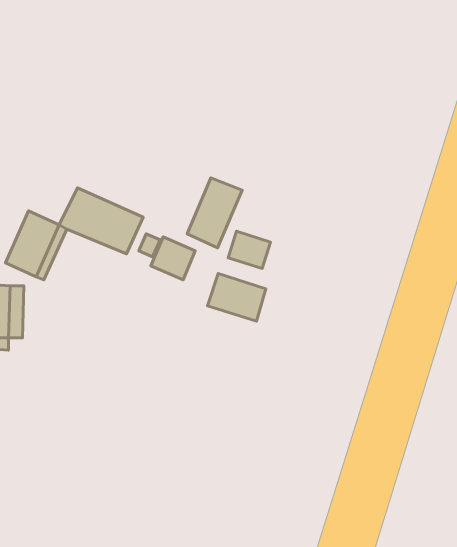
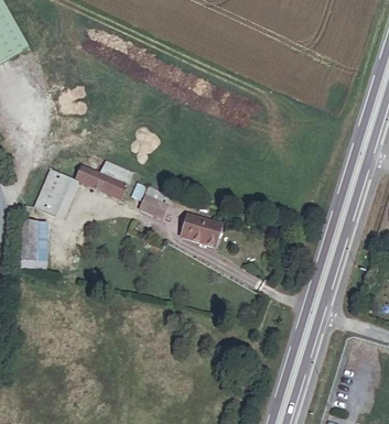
building: [187,178,242,248] -> none
building: [228,231,271,269] -> none

